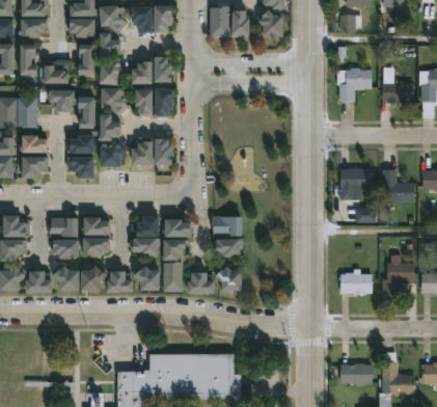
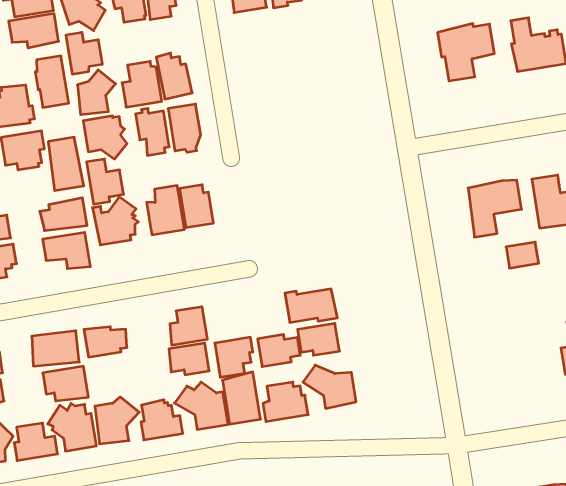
building: [165,220,190,238] -> [258,335,300,367]
building: [81,239,108,256] -> none
building: [336,269,367,295] -> none

